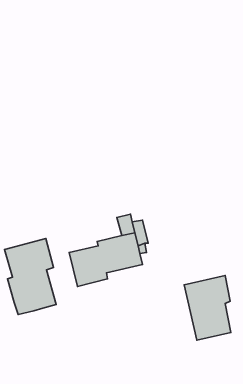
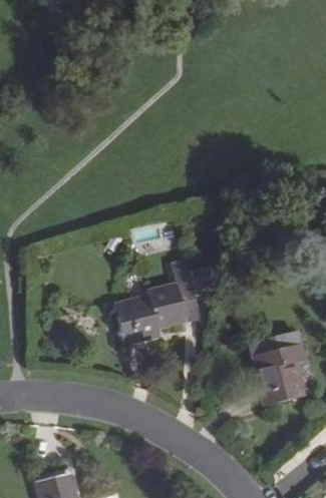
building: [5,239,56,315] -> none

